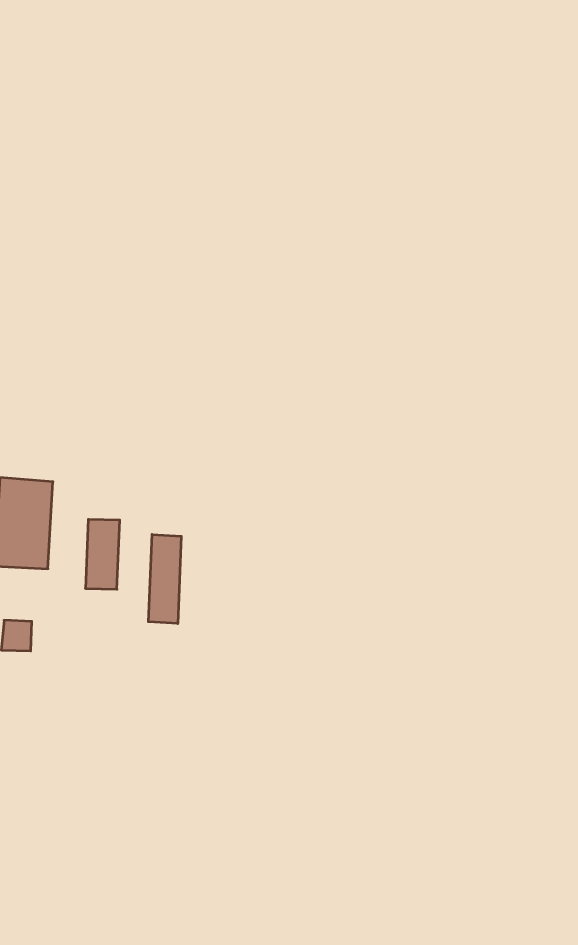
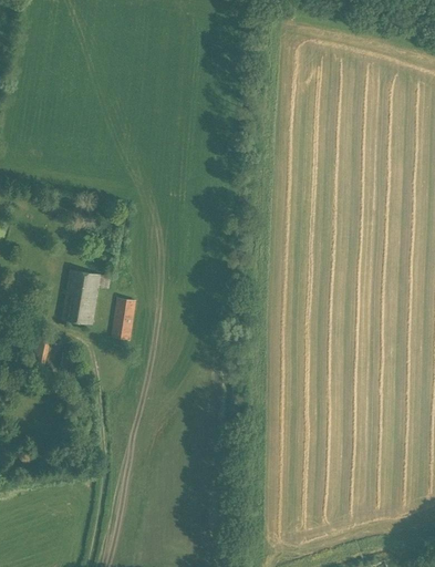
building: [148,534,181,624] -> none

